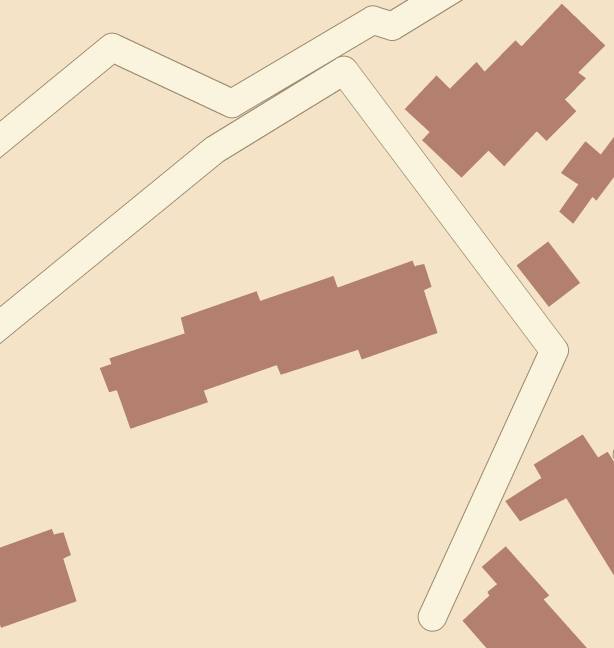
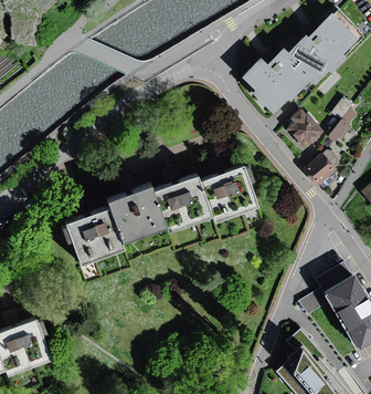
building: none -> [286,108,324,148]

